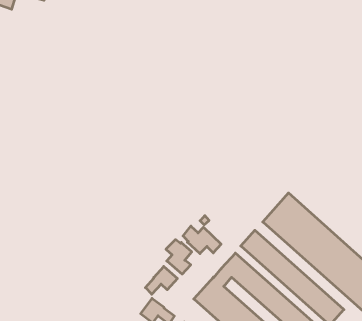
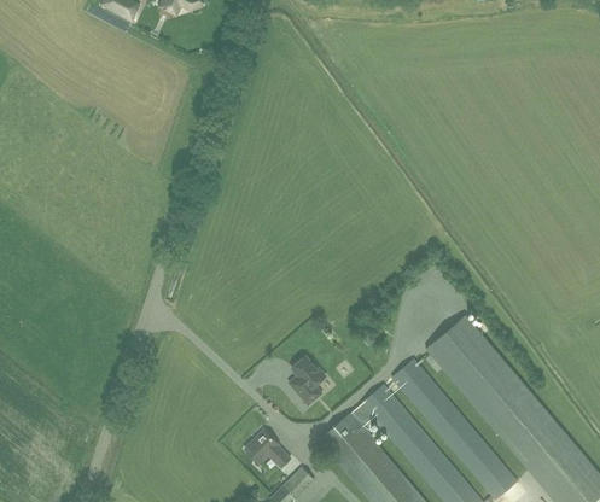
building: [183,226,221,254] -> none
building: [145,266,177,294] -> none

